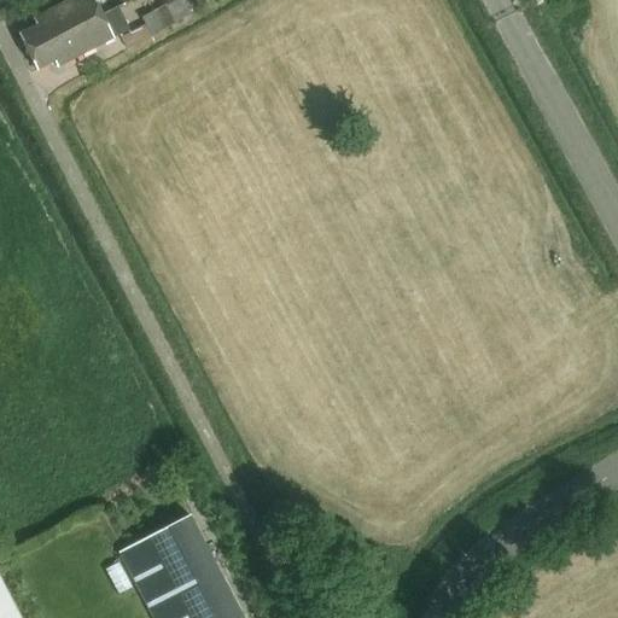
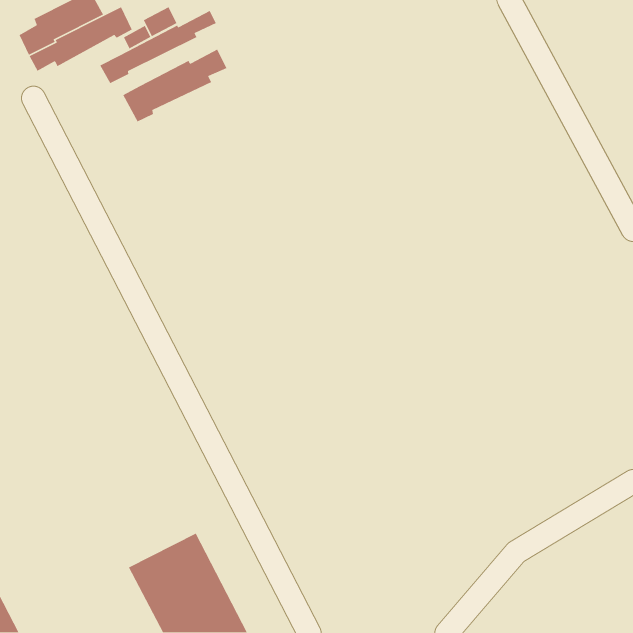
building: none -> [99,10,217,84]
building: none -> [122,48,227,123]

